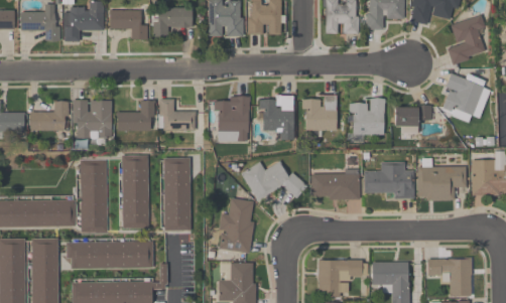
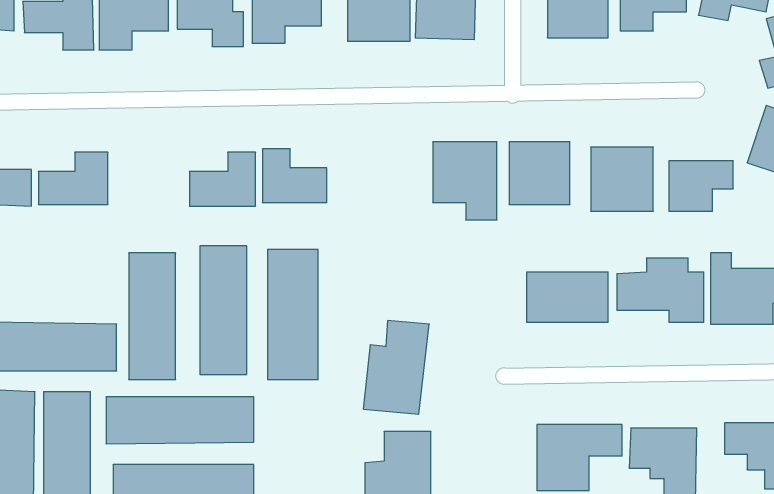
building: [214,97,249,142] -> none
building: [73,99,111,139] -> none
building: [240,158,303,200] -> none

